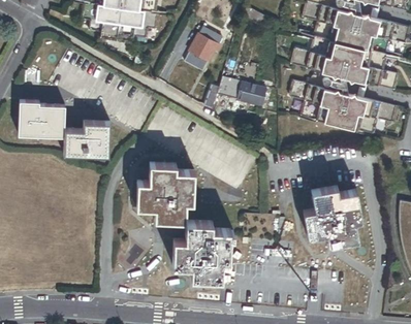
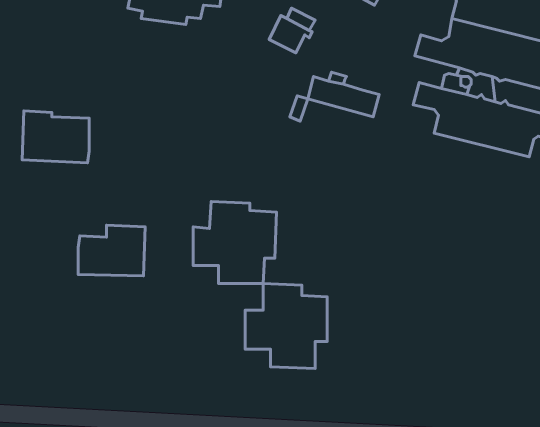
building: [64,121,110,156] -> [78,225,145,276]
building: [304,186,362,245] -> none

